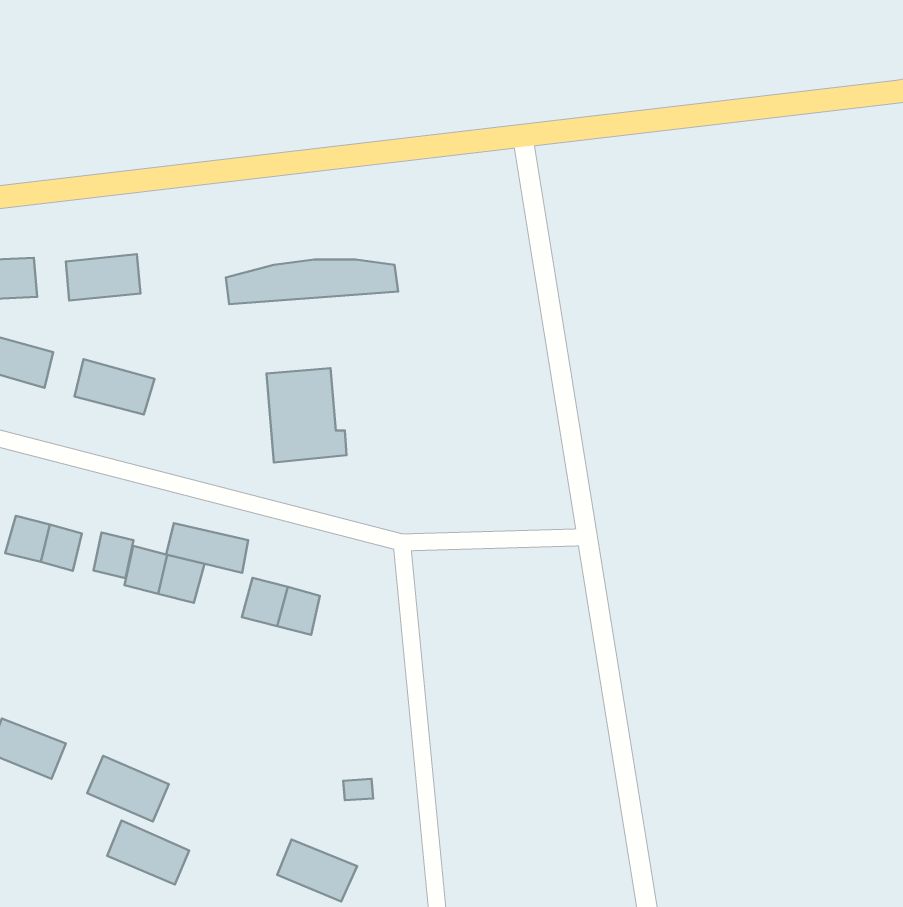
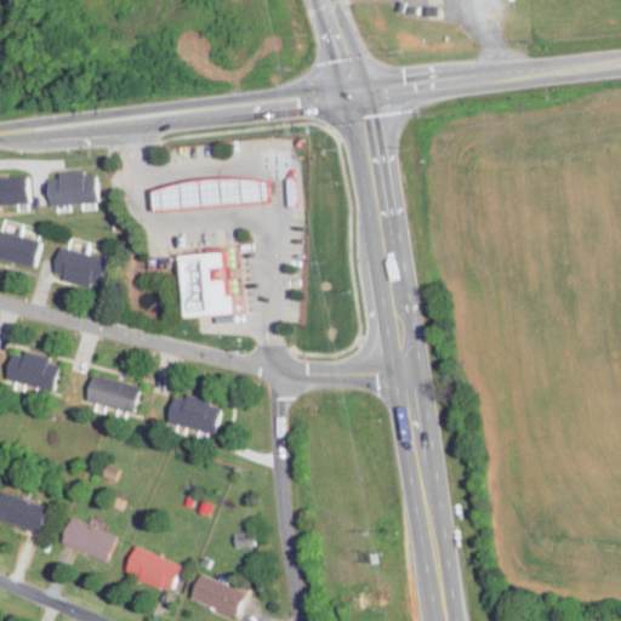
building: [166,523,248,573] -> none
building: [94,533,134,578] -> none
building: [107,820,189,884] -> [124,546,180,589]

